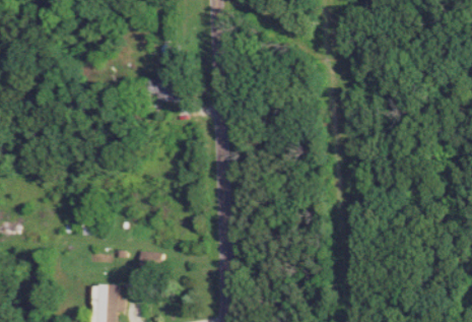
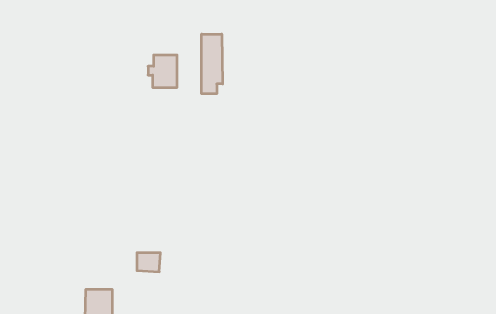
building: none -> [202,34,223,94]

